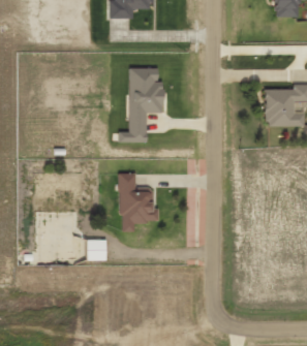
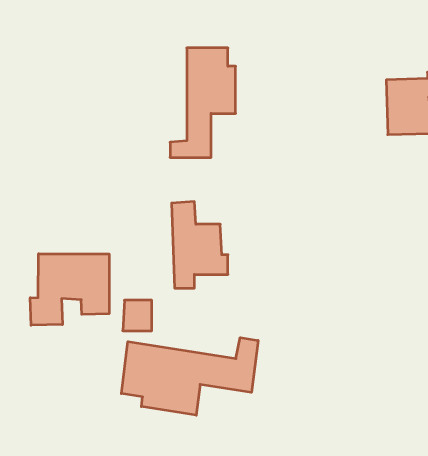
building: none -> [30,254,109,325]
building: none -> [121,338,258,415]

